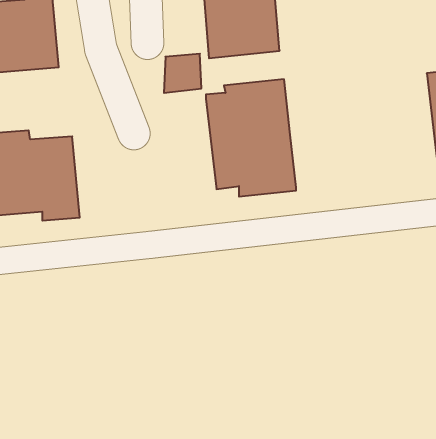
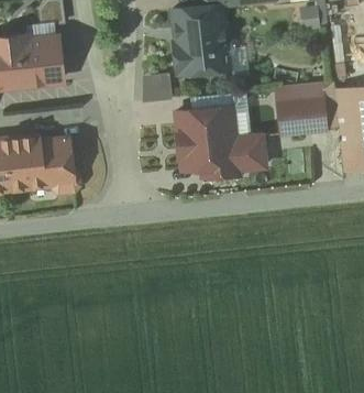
building: none -> [275,83,329,134]
building: none -> [235,130,268,172]

